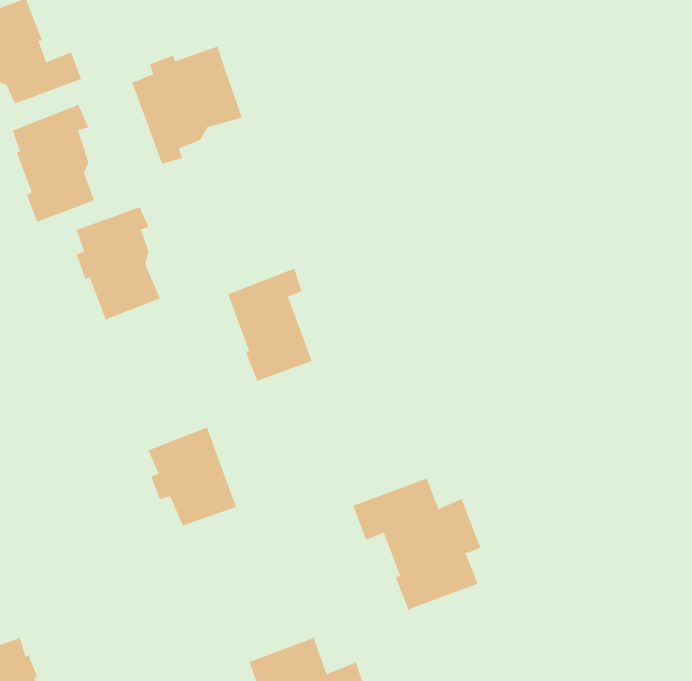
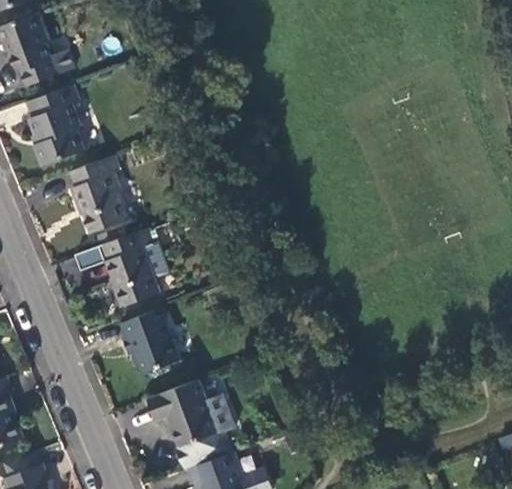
building: [131,46,242,165] -> none
building: [228,268,312,382] -> [101,228,159,306]
building: [353,478,481,611] -> [146,379,234,470]

